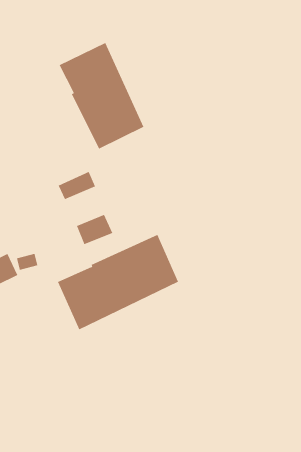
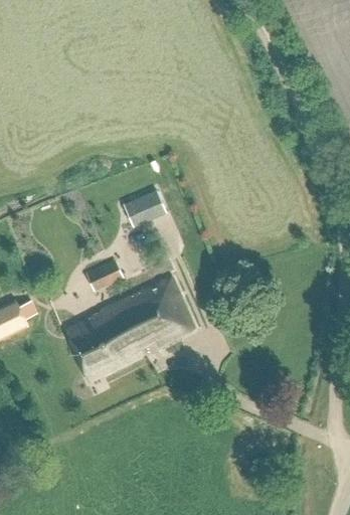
building: [59,42,144,150] -> none
building: [58,171,96,200] -> [125,193,165,223]

